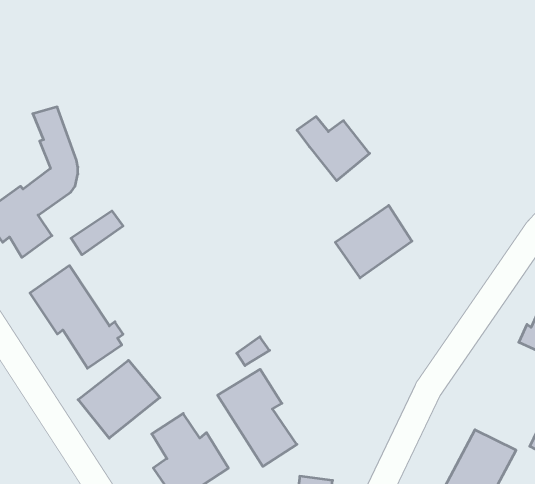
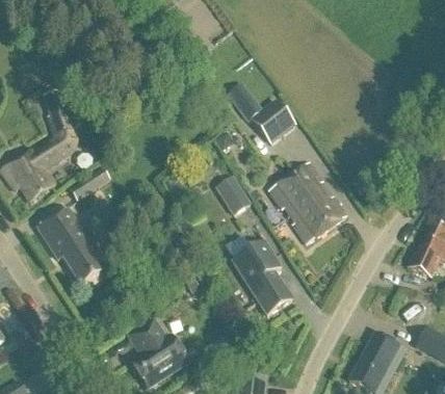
building: none -> [217,177,251,214]
building: none -> [288,189,346,243]
building: [78,360,160,438] -> none
building: [218,369,297,466] -> [233,241,293,315]

